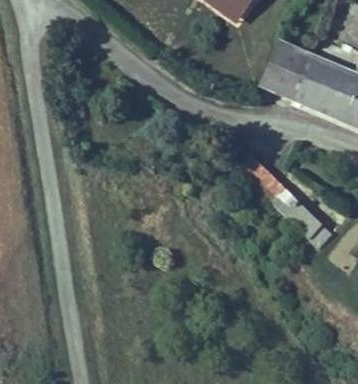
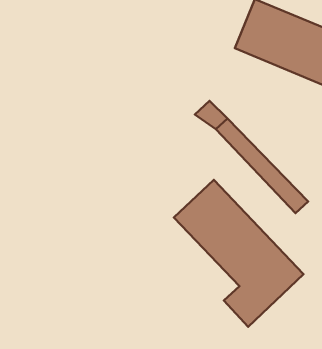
building: none -> [174,180,304,327]

